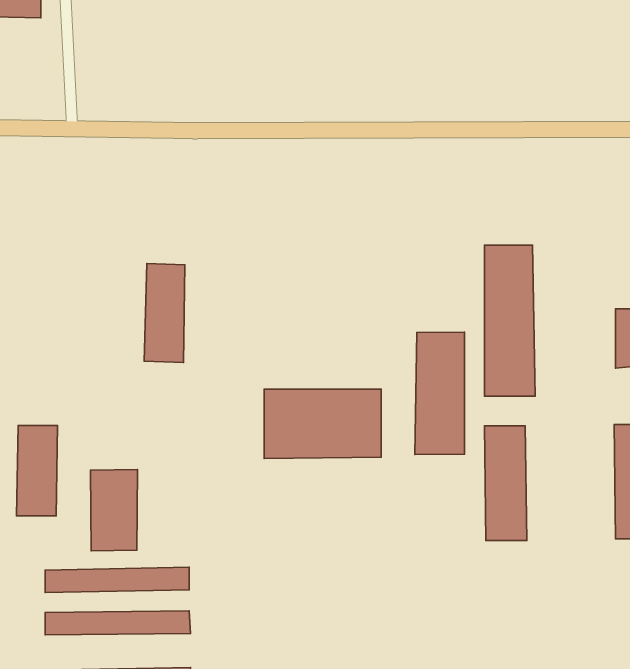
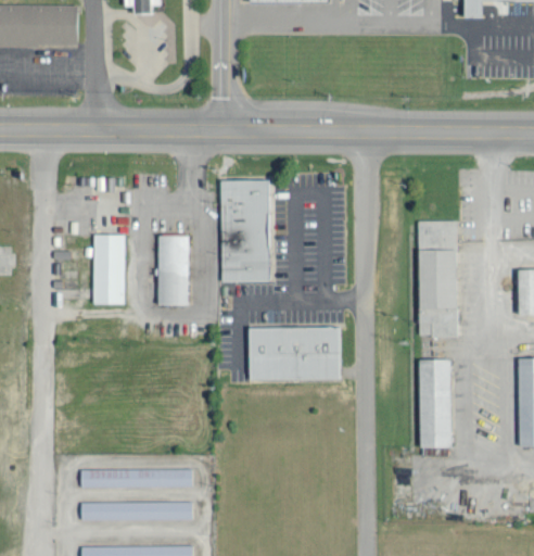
building: none -> [220,182,269,286]
building: [415,332,465,454] -> none
building: [17,426,58,516] -> [93,235,125,304]
building: [90,470,138,551] -> none

